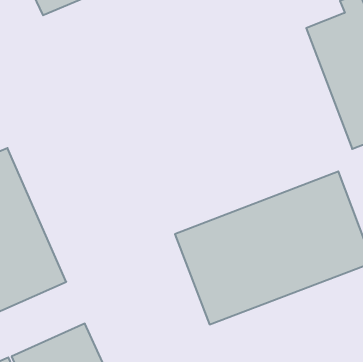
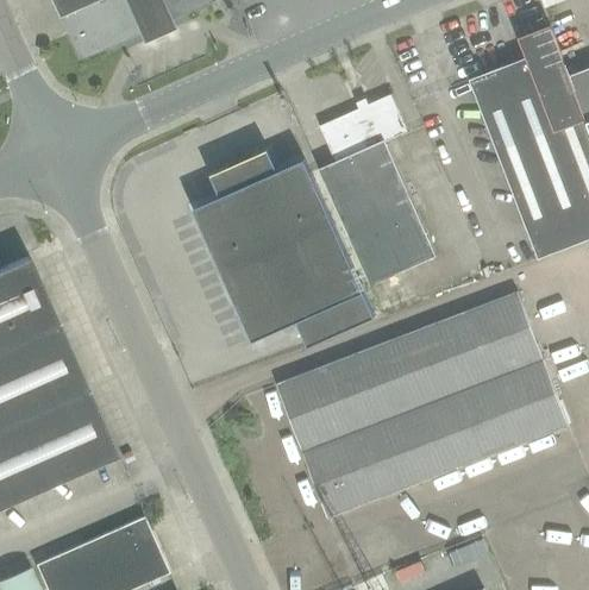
building: none -> [319,94,437,284]
building: none -> [194,149,375,346]

